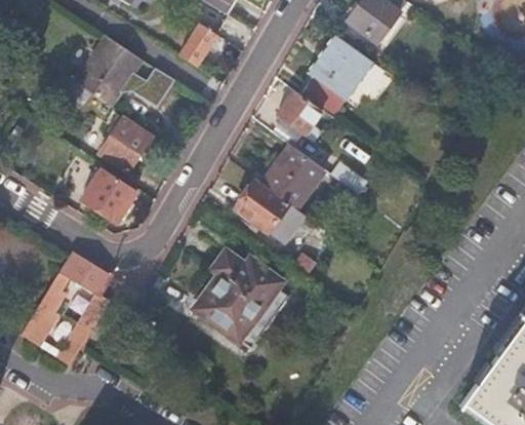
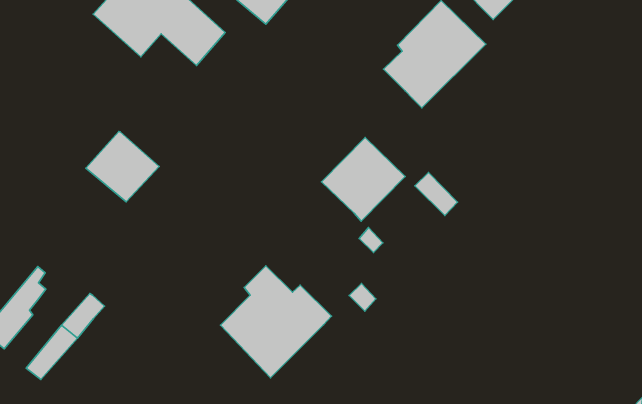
building: [276,91,321,143] -> none
building: [97,124,150,178] -> none
building: [234,181,288,233] -> none
building: [59,248,111,293] -> none

